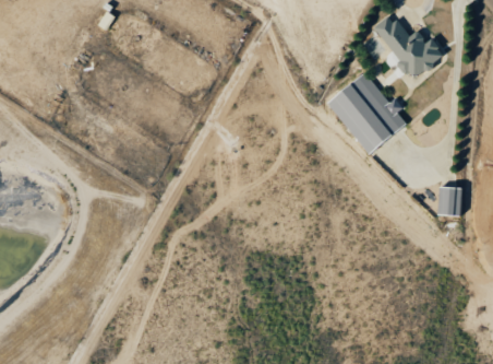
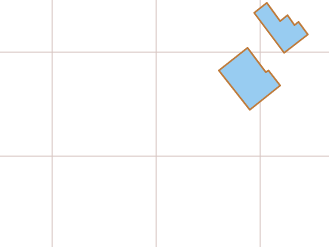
building: [437,187,460,216] -> none

